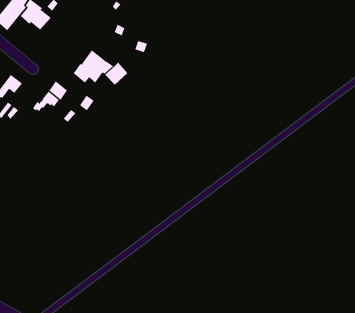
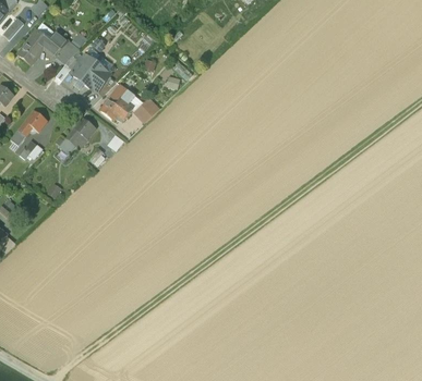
building: none -> [70,52,110,90]

